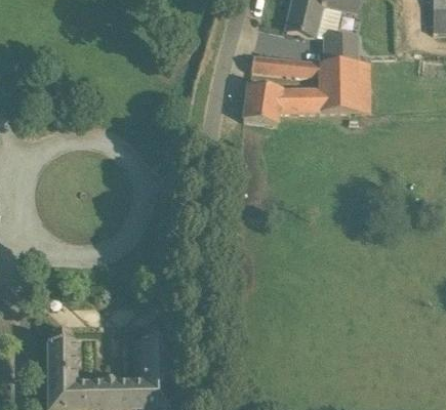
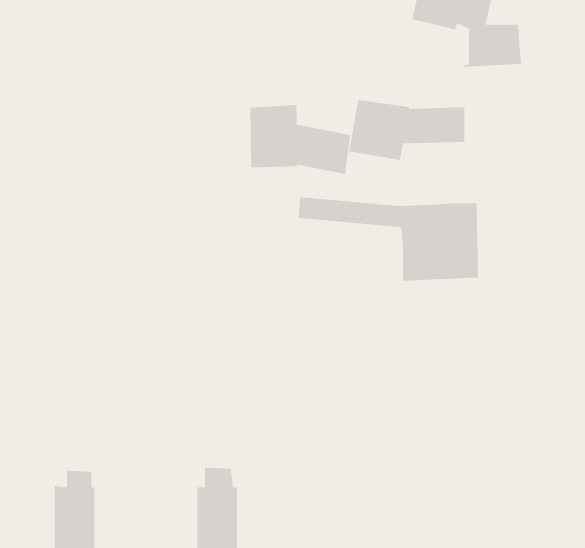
building: [250,54,371,111] -> [298,197,479,281]
building: none -> [250,104,351,175]

